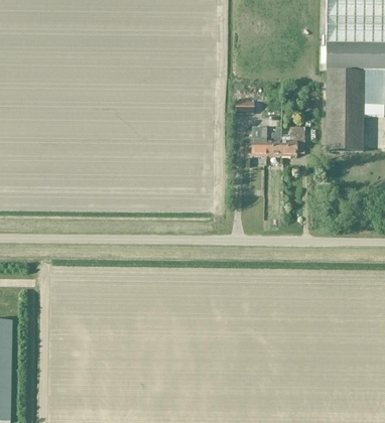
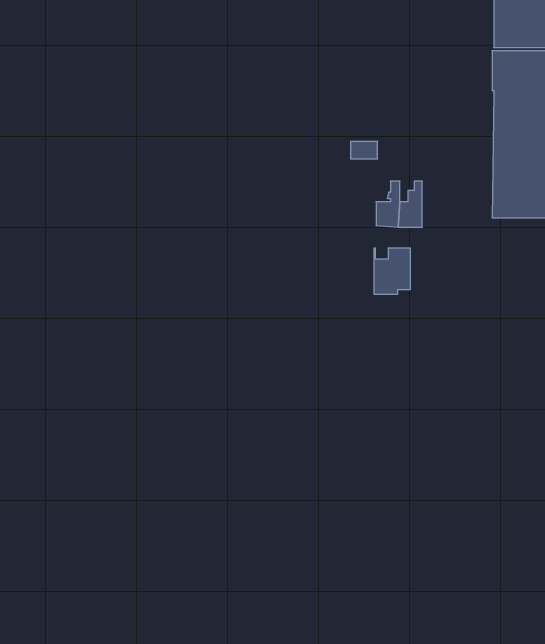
building: [281,126,304,155] -> [374,248,410,294]

